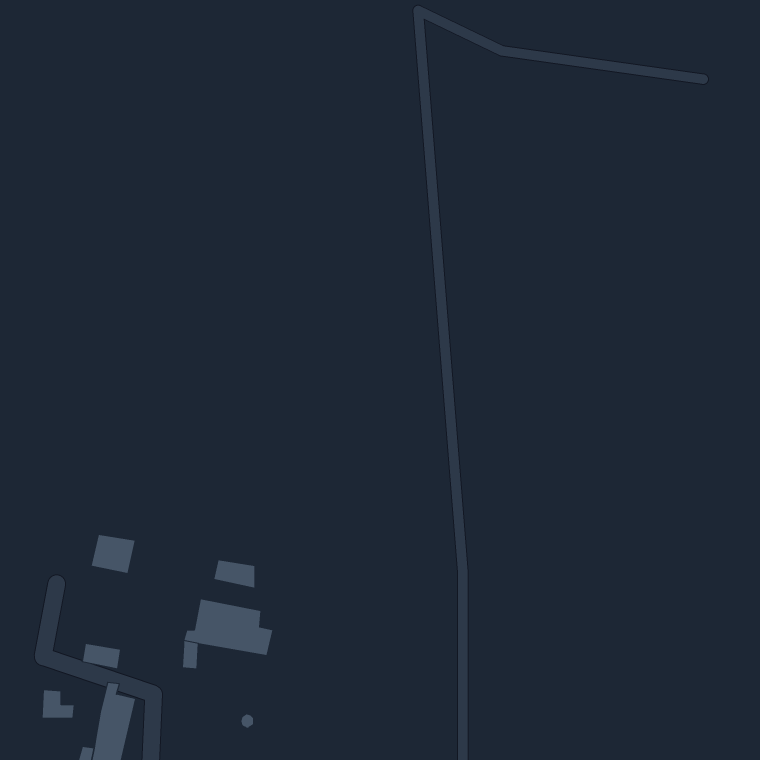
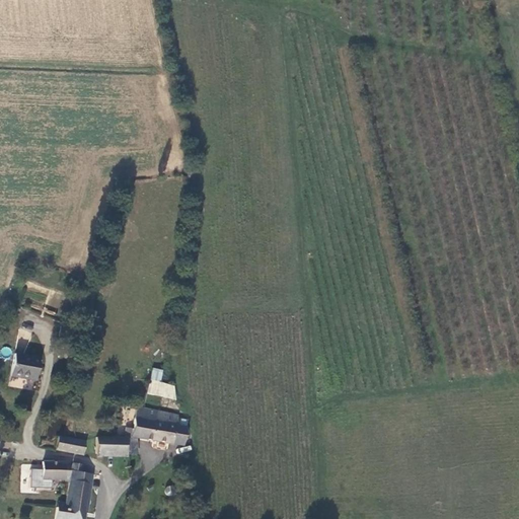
building: [91,535,136,573] -> [10,356,41,382]
building: none -> [97,440,127,455]
building: none -> [44,464,69,481]

